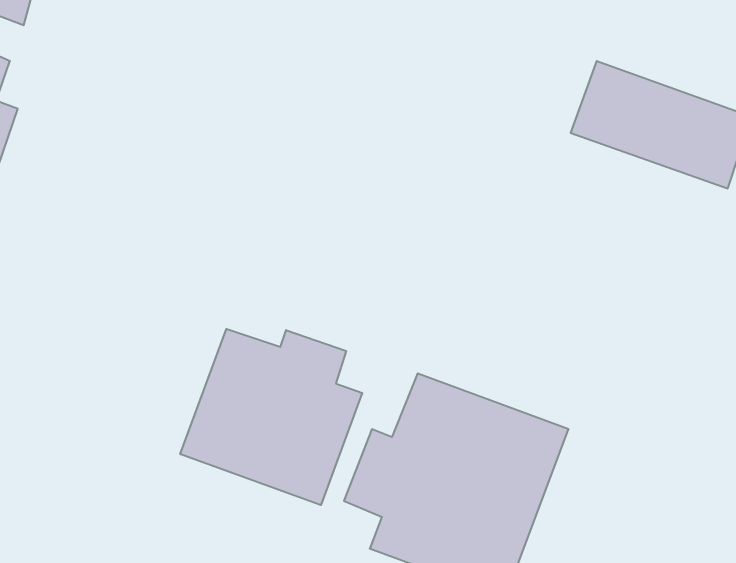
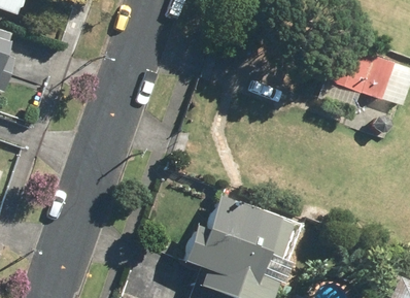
building: [180,329,362,505] -> none

